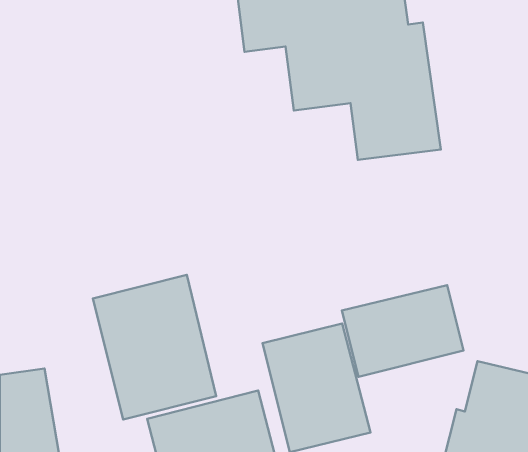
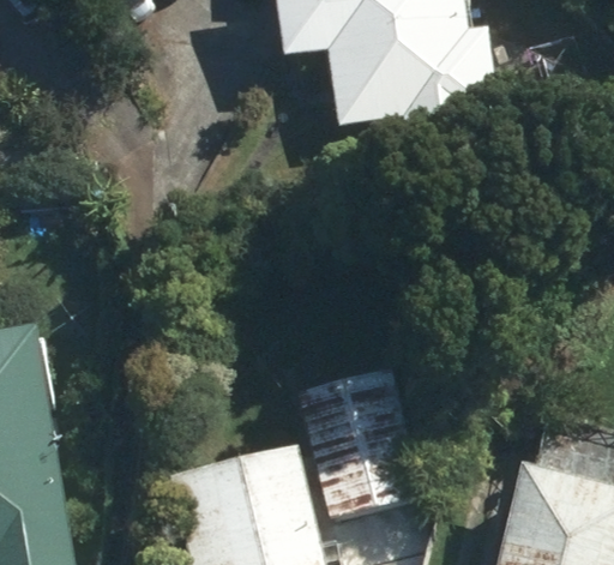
building: [93,275,216,420] -> none
building: [342,285,464,377] -> none

